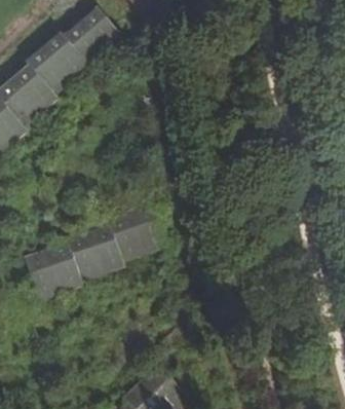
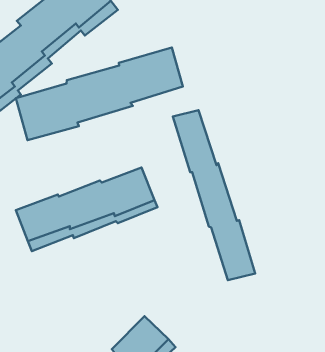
building: none -> [16,48,183,140]
building: none -> [173,110,255,280]

